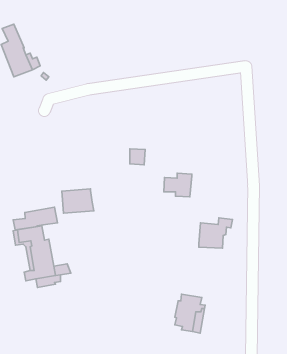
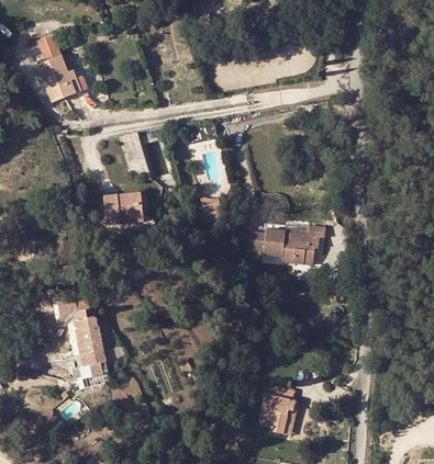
building: none -> [121,129,148,171]
building: [62,189,94,213] -> [102,193,144,225]
building: [13,207,58,230] -> none
building: [199,218,233,248] -> [280,225,324,264]

